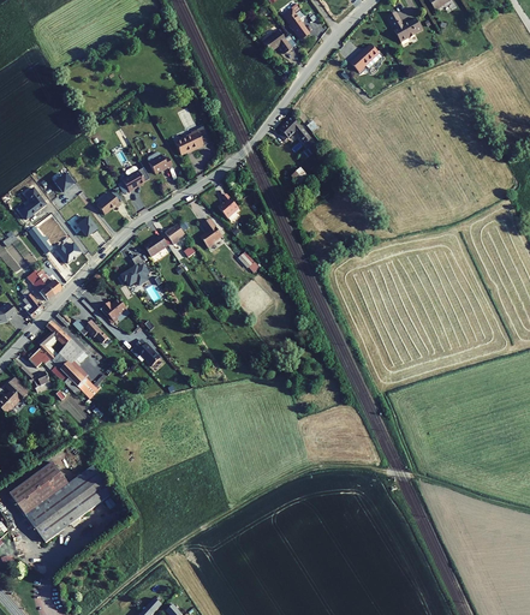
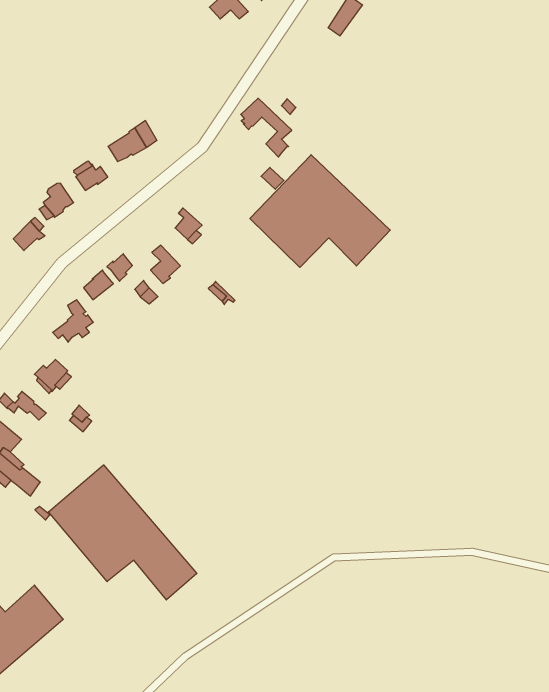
building: none -> [250,155,390,267]
building: none -> [48,465,197,600]

